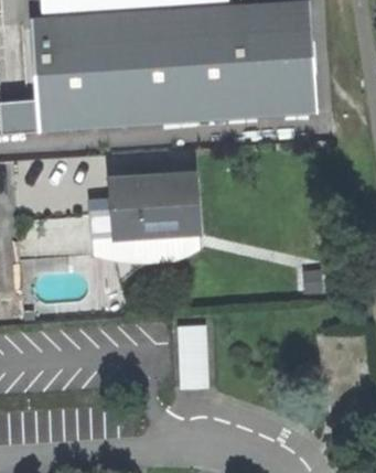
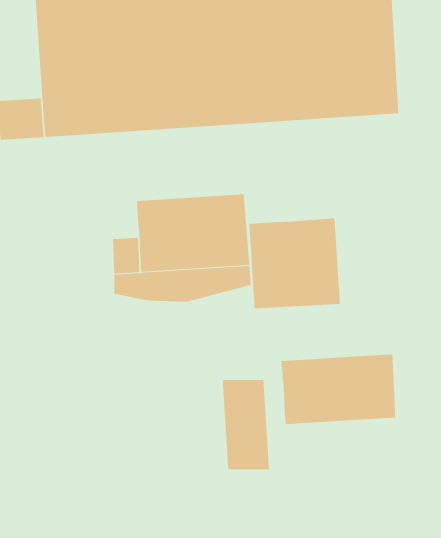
building: none -> [249,217,340,309]
building: none -> [281,354,396,425]

